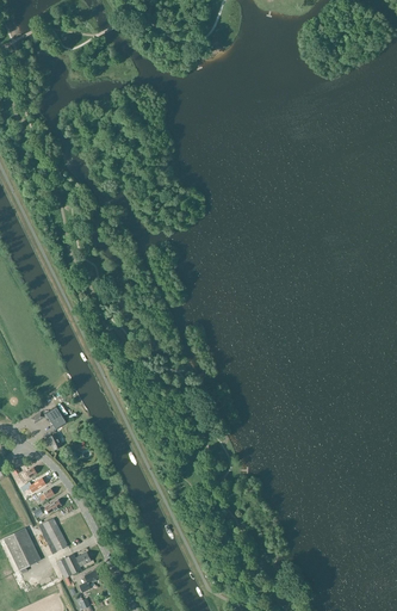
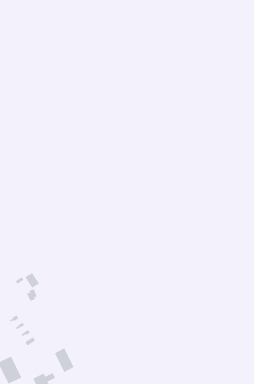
building: [38,517,68,554] -> [54,348,74,373]

